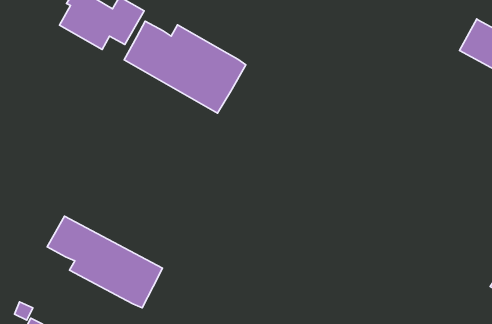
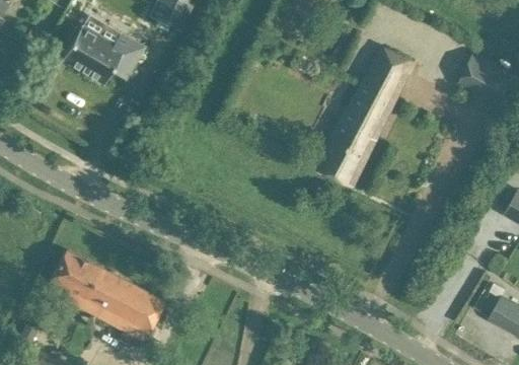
building: none -> [315,49,415,188]
building: [124,21,246,113] -> none

